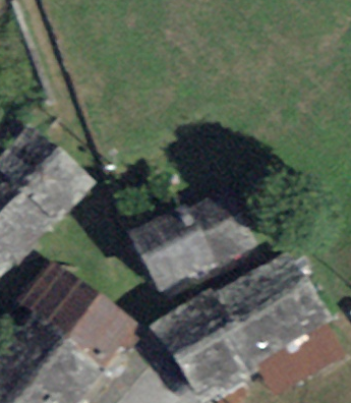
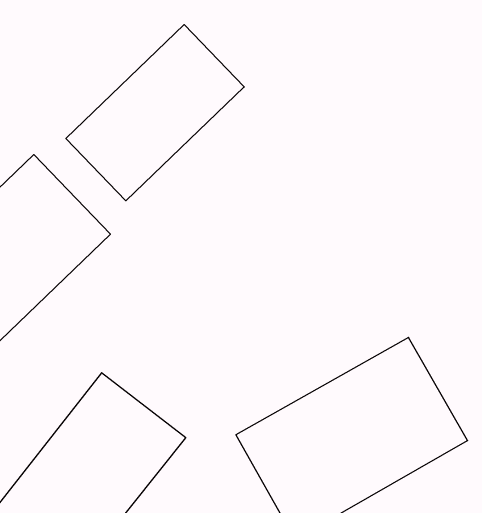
building: none -> [66,25,244,201]
building: [136,195,252,293] -> none

